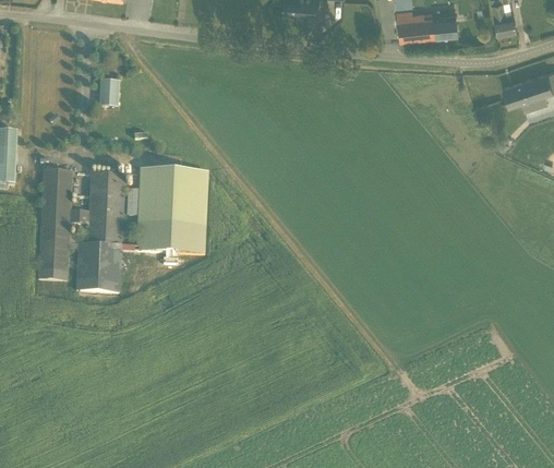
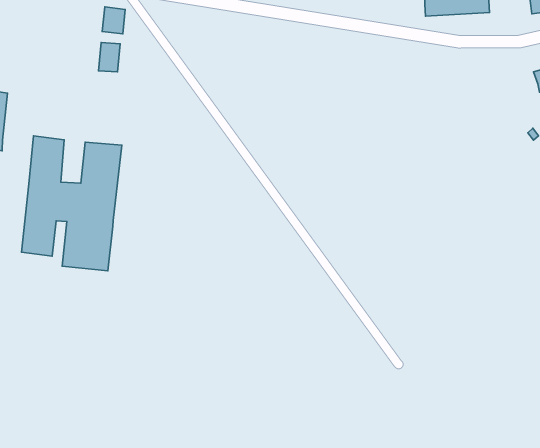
building: none -> [102,7,125,34]
building: [120,169,207,253] -> none

